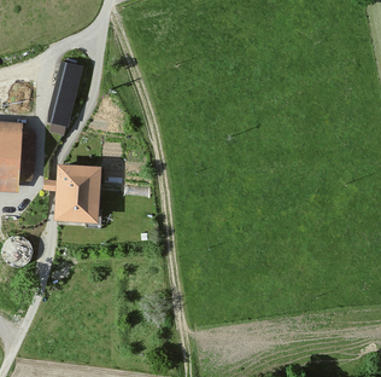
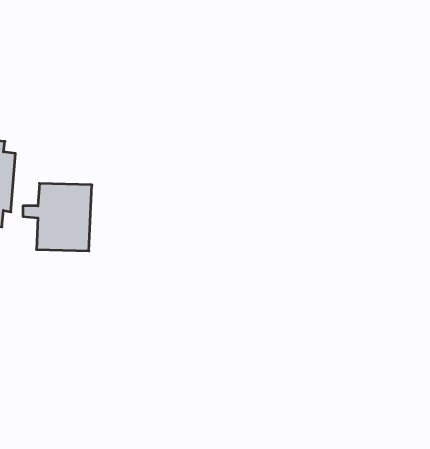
building: [47,58,82,130] -> none

